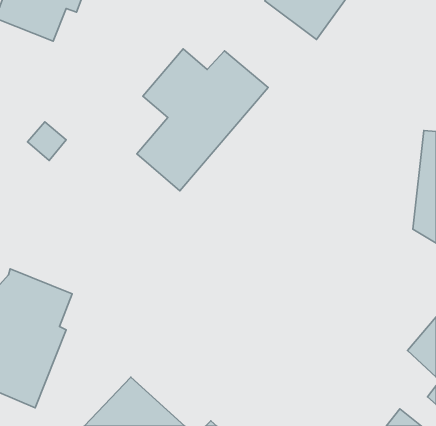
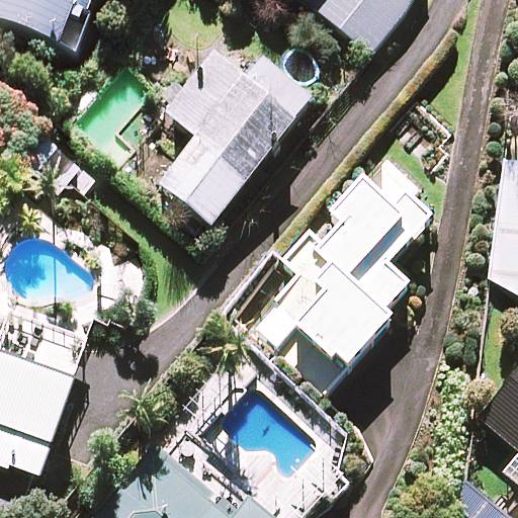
building: none -> [256,154,431,390]

